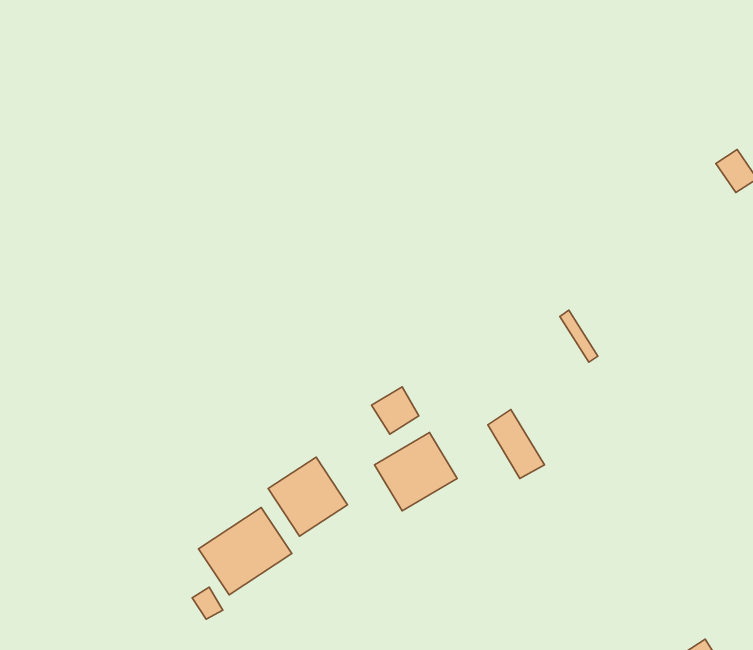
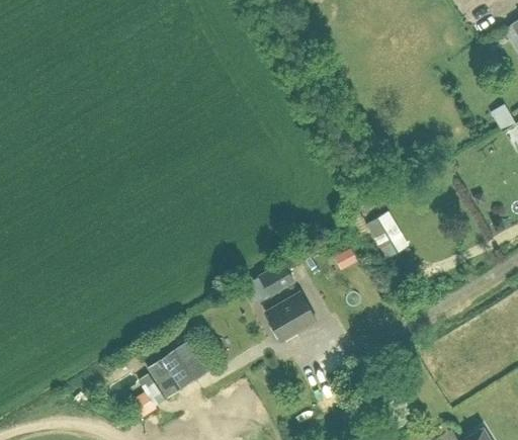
building: [488,410,544,478] -> [361,216,399,262]
building: [268,457,348,536] -> none

